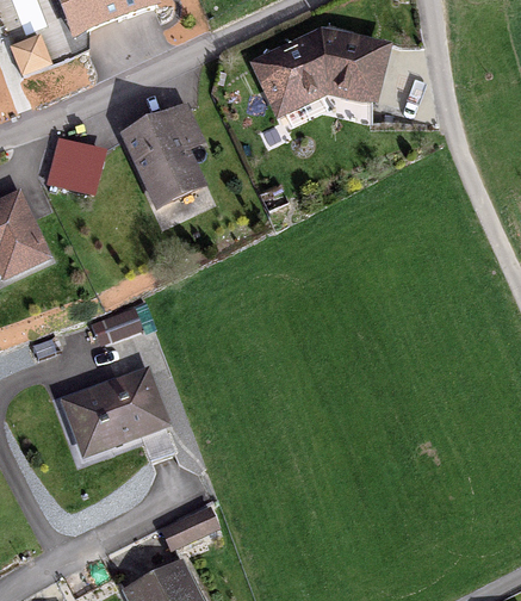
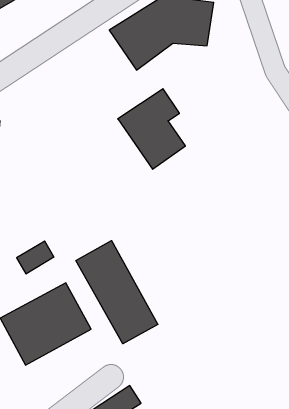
building: [122,107,200,205] -> [118,89,185,169]
building: none -> [76,241,158,344]

